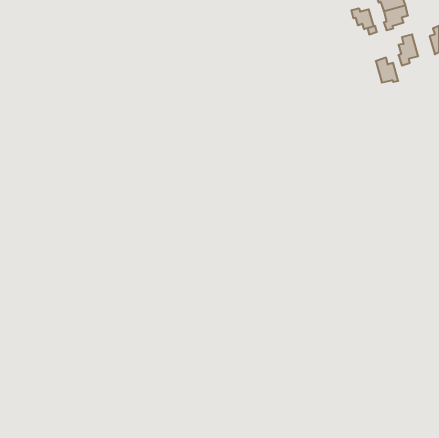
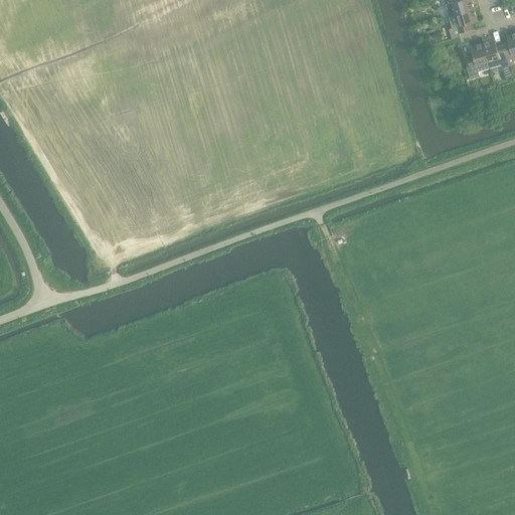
building: [352,8,373,29] -> none
building: [376,58,398,83] -> [481,36,507,65]

